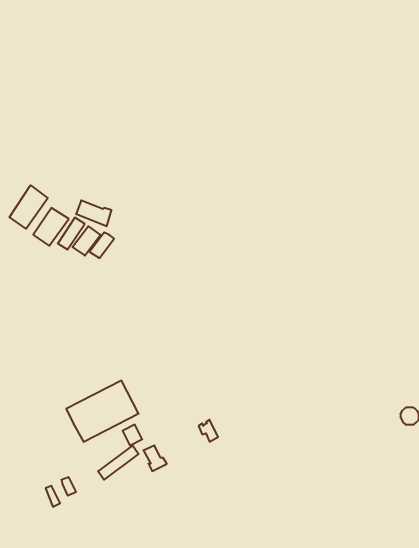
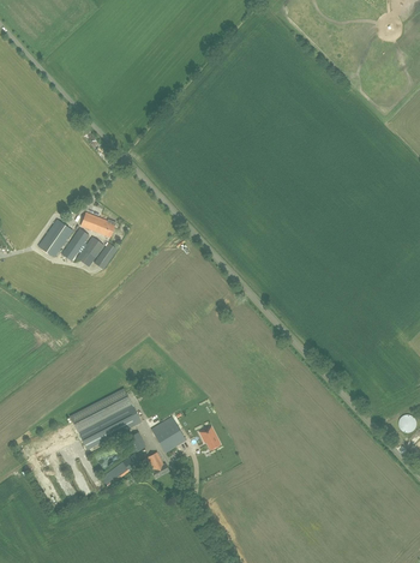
building: [9,185,48,229] -> none
building: none -> [151,415,186,451]

